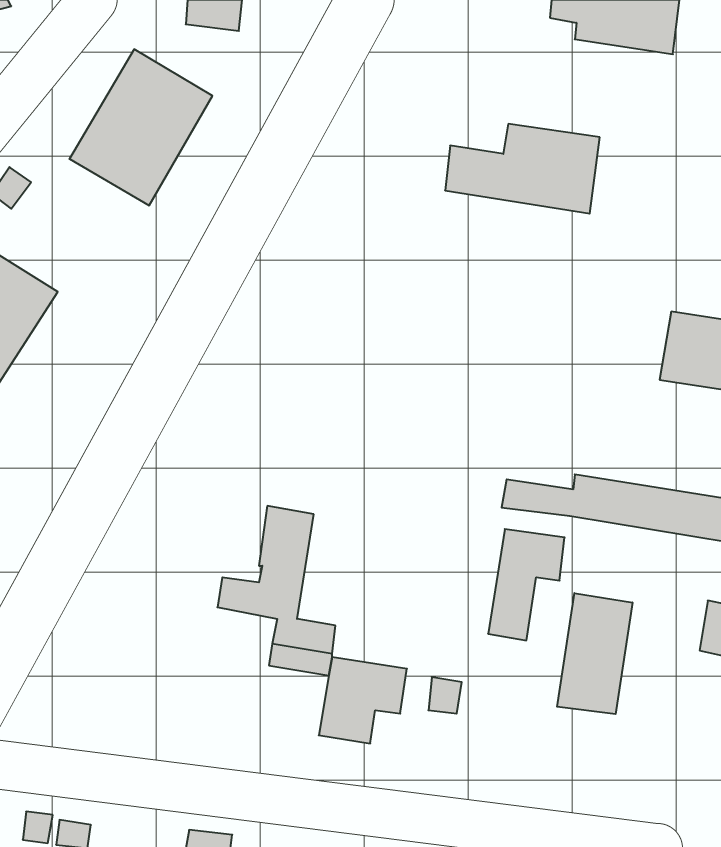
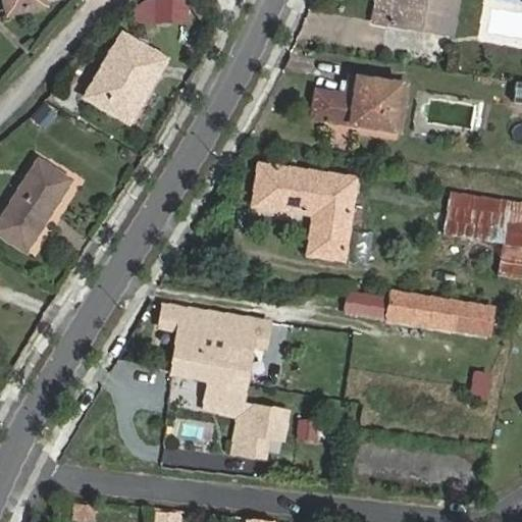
building: none -> [257,165,355,259]
building: none -> [161,305,203,358]
building: [488,529,565,640] -> [221,316,268,384]
building: [557,593,632,714] -> none

